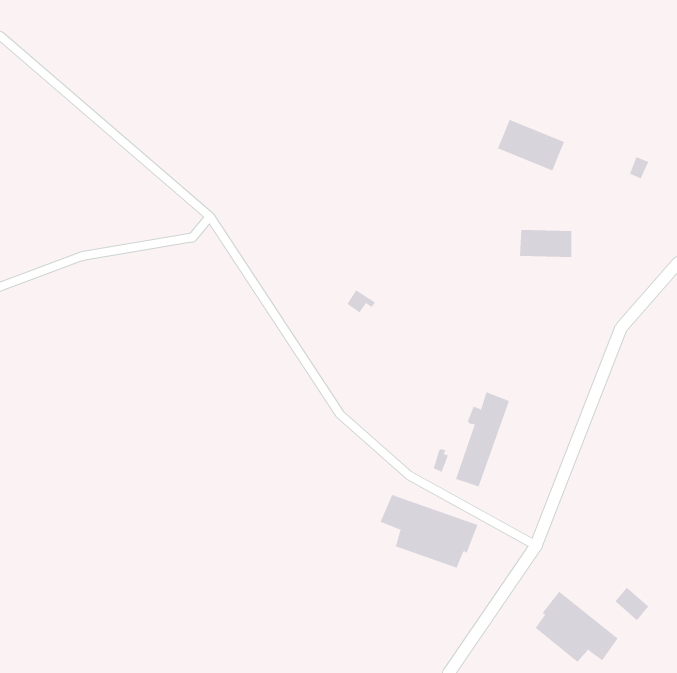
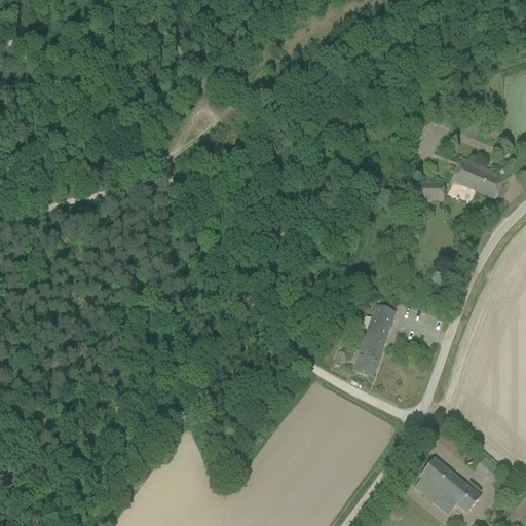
building: [497,119,565,171] -> [452,157,504,197]
building: [380,494,478,568] -> none

